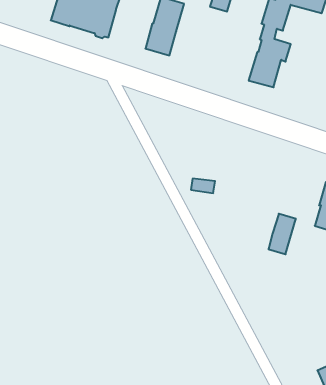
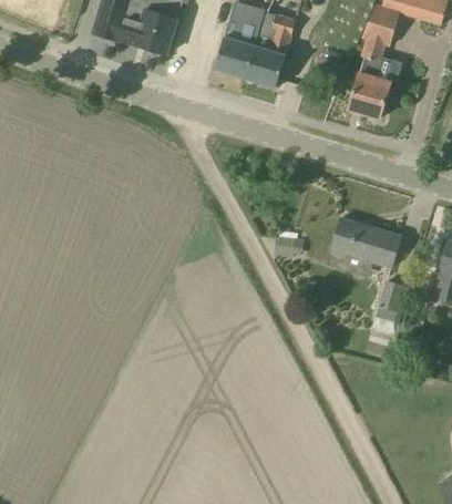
building: none -> [246,11,296,88]
building: none -> [328,218,401,276]

